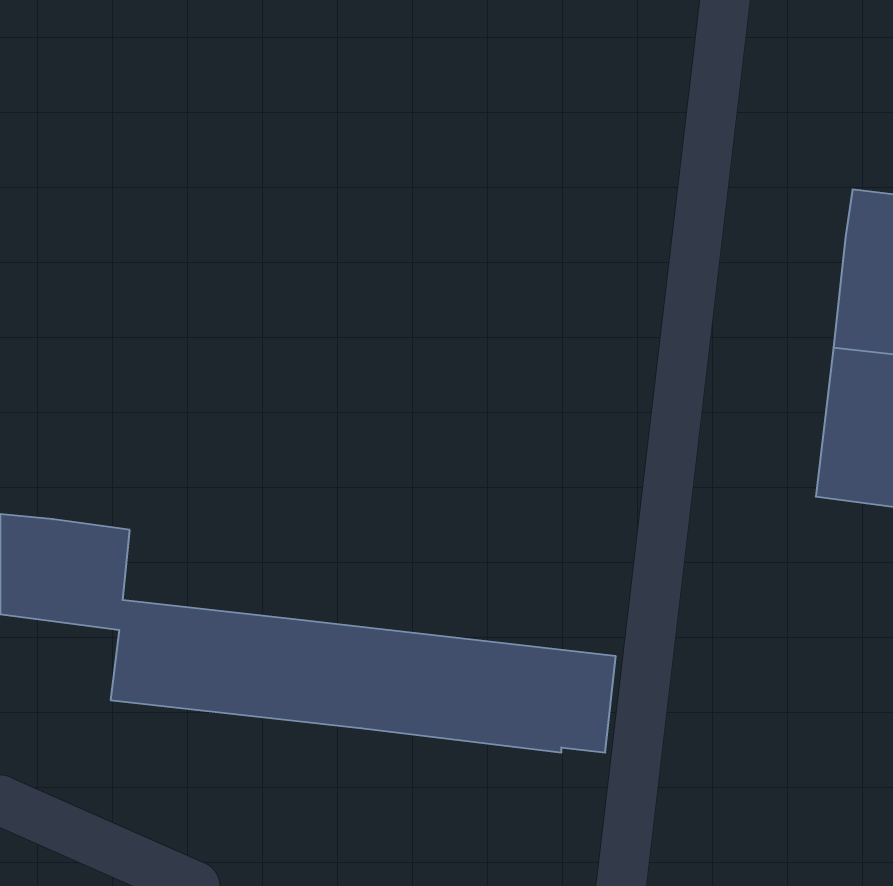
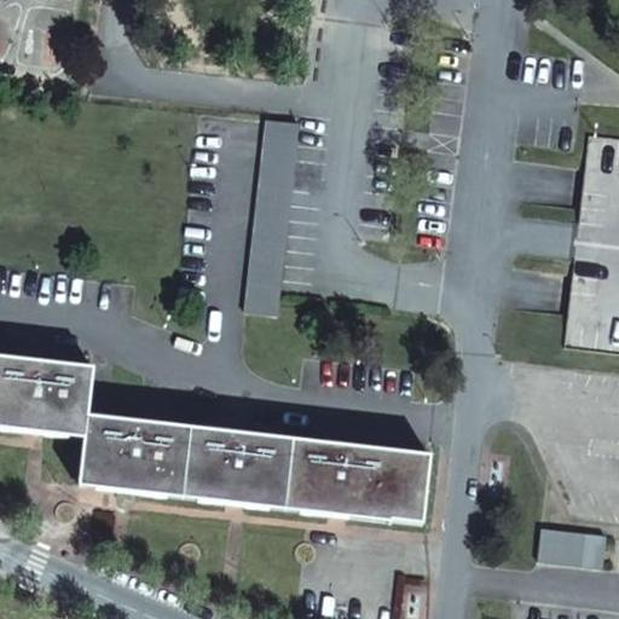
building: none -> [244,114,299,314]
building: none -> [540,528,606,567]

